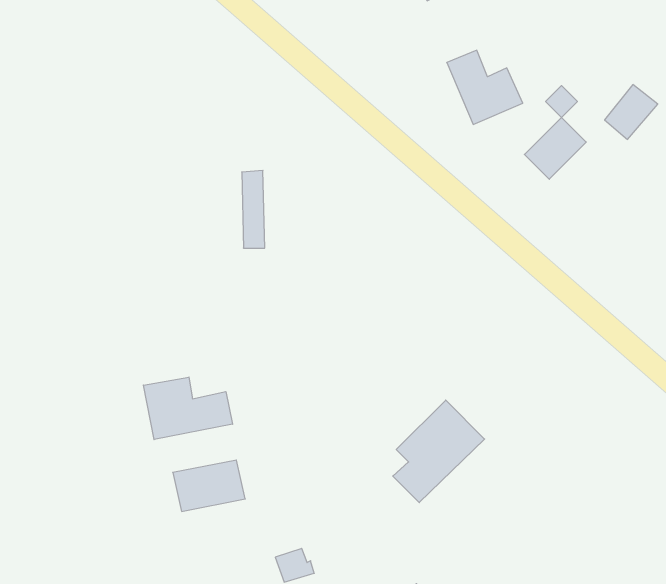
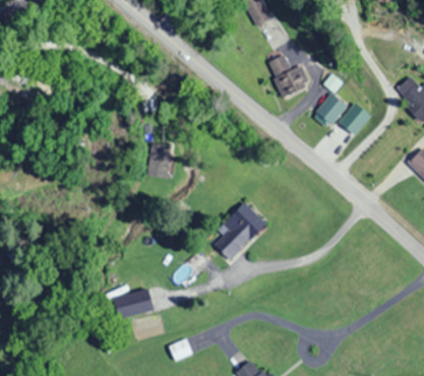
building: [605,85,658,139] -> [342,105,372,136]
building: [143,377,233,440] -> none
building: [393,400,485,503] -> [213,201,265,260]

